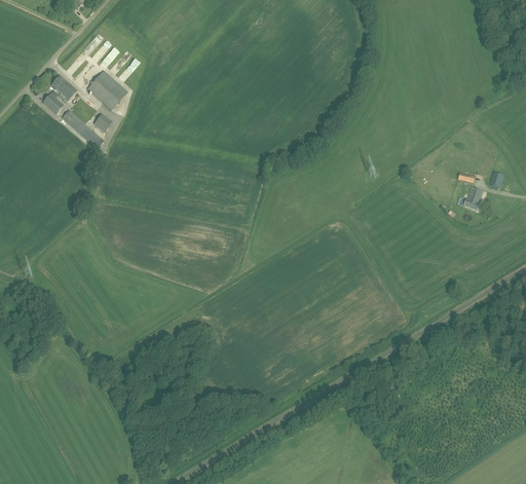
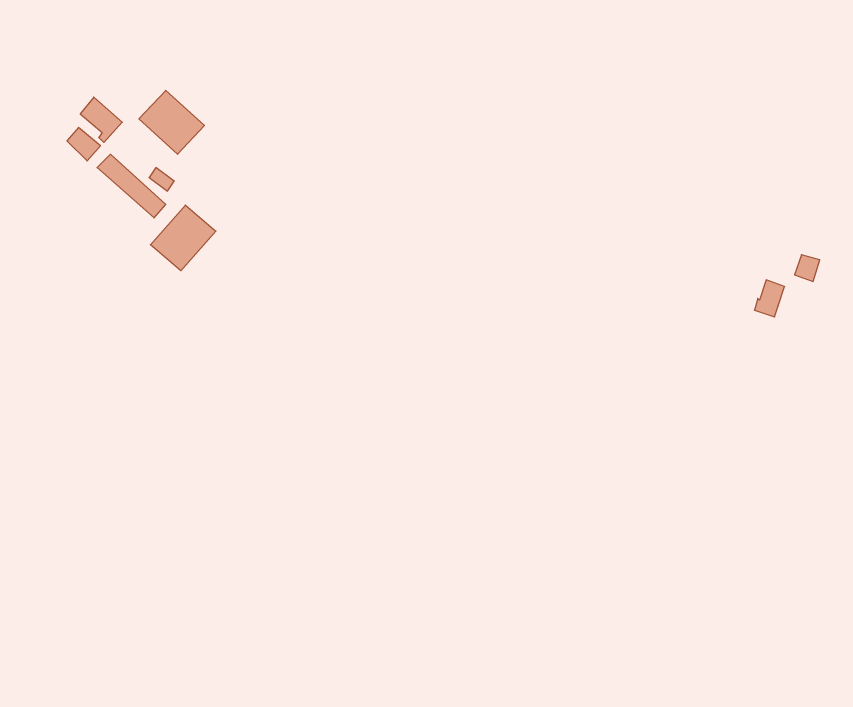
building: none -> [150,205,216,271]

